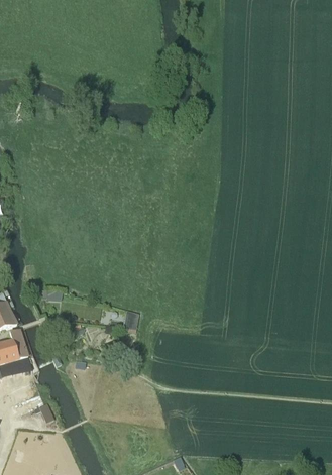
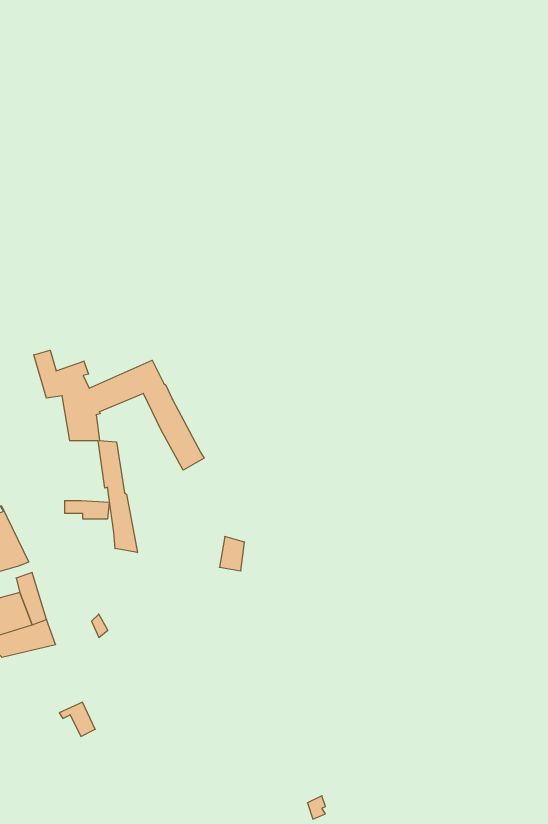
building: none -> [34,350,204,553]

